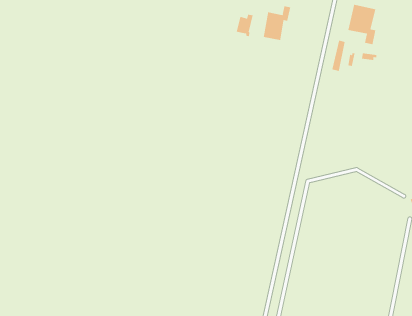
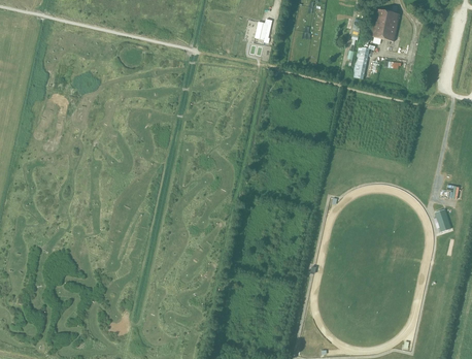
building: [263,5,291,41] -> none

